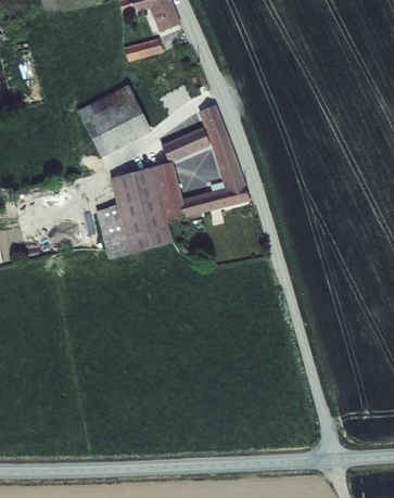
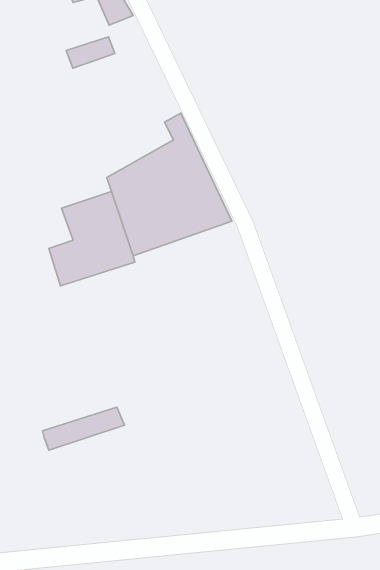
building: [77,84,160,155] -> none
building: [104,226,173,257] -> [42,407,125,450]

